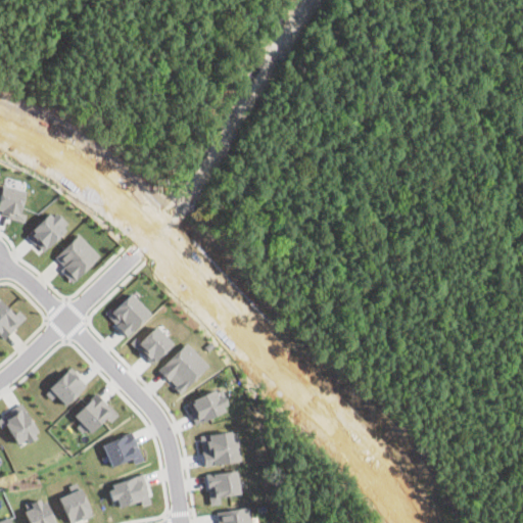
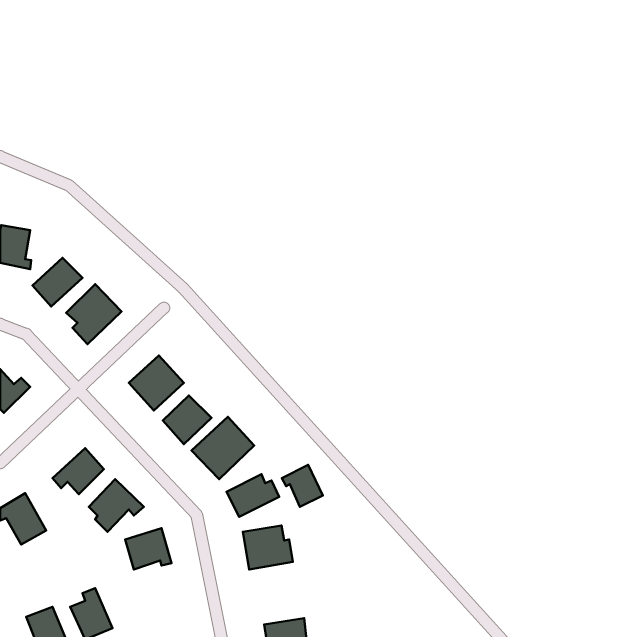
building: none -> [282,465,323,507]
building: [206,470,242,506] -> none
building: [108,475,153,508] -> none

